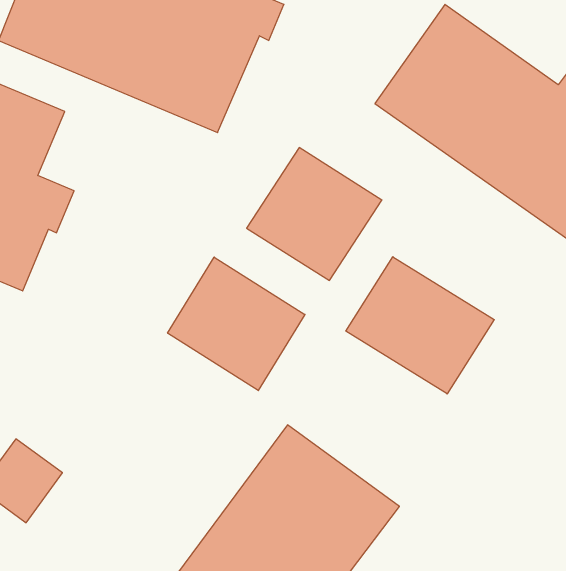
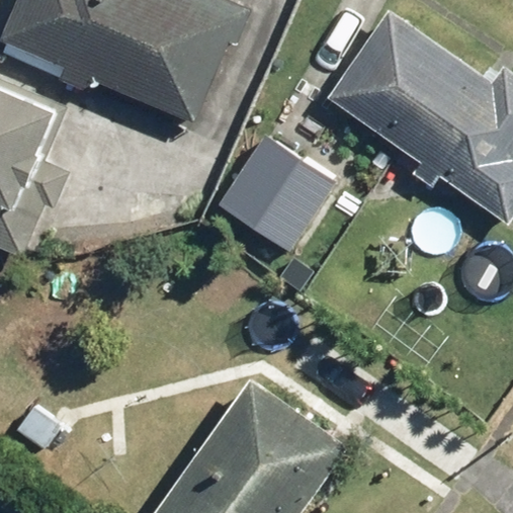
building: [346,257,494,394] -> none
building: [168,257,305,391] -> none

